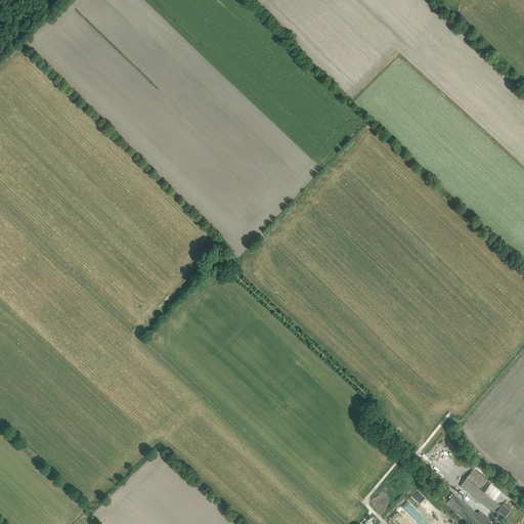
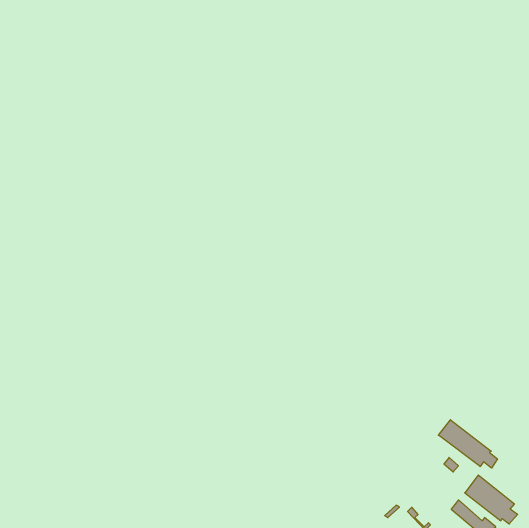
building: none -> [438,420,497,468]

